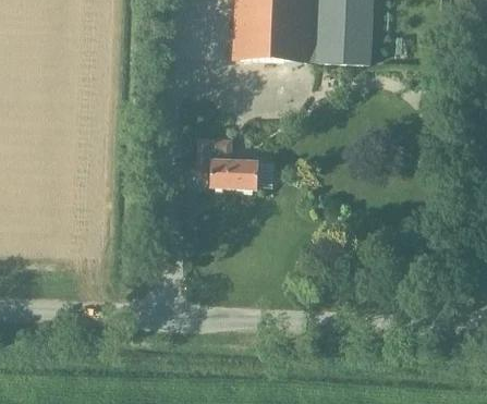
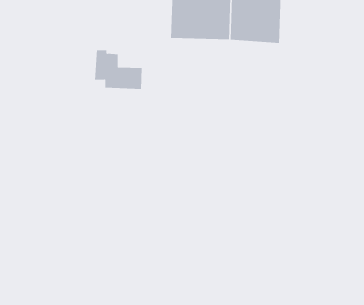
building: [199,138,260,188] -> [94,50,143,90]

